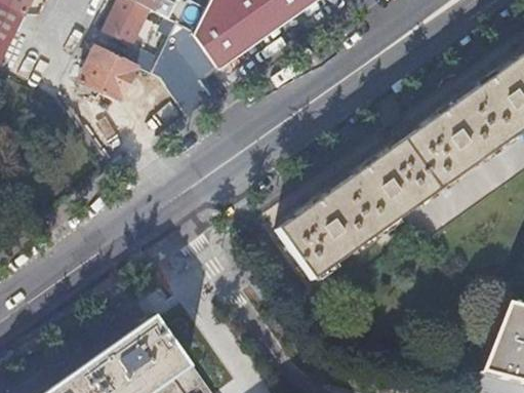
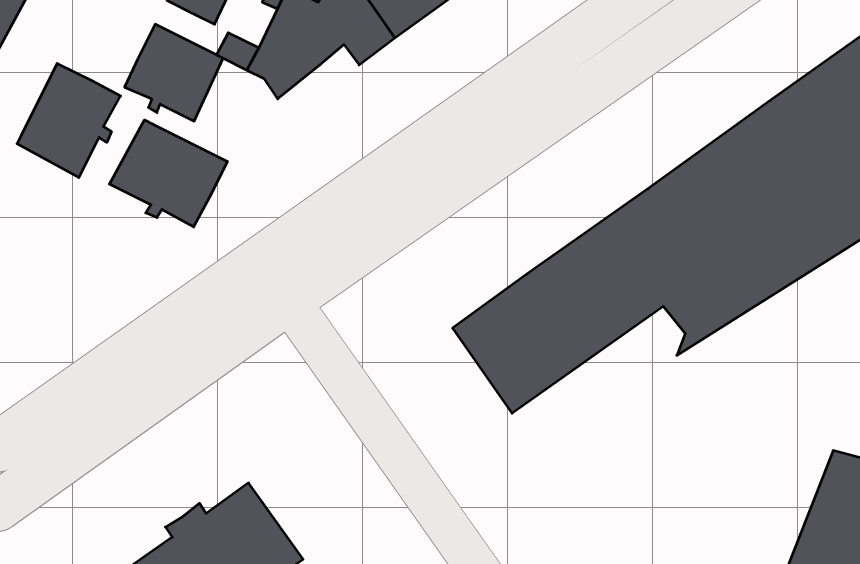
building: none -> [17,63,121,178]
building: [170,69,214,114] -> none
building: none -> [109,120,227,227]

